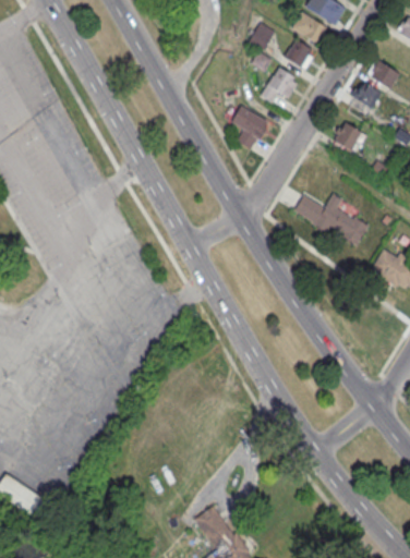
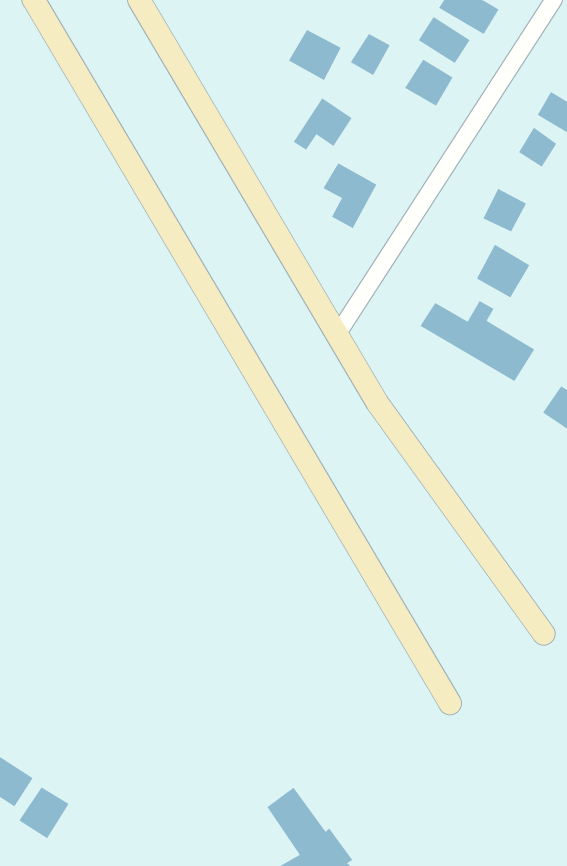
building: none -> [288,29,342,81]
building: [260,66,298,100] -> [293,98,352,150]
building: none -> [476,244,530,298]
building: none -> [18,787,69,839]

